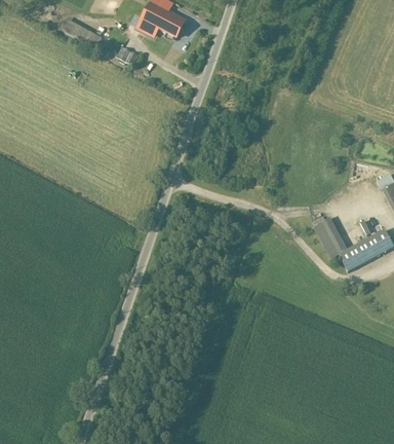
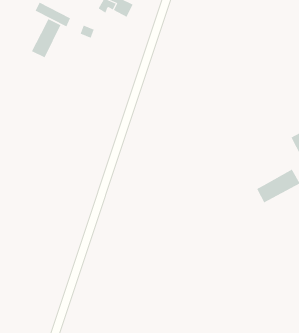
building: none -> [31,18,61,58]
building: [314,217,347,258] -> none

